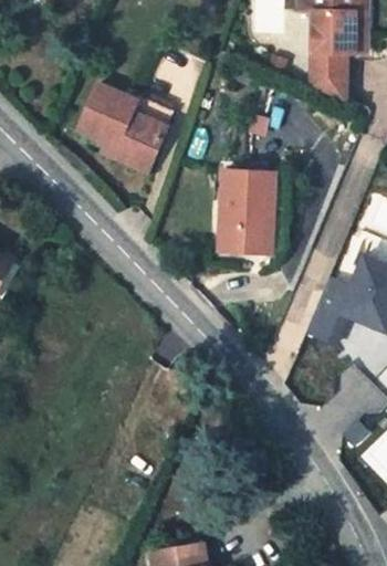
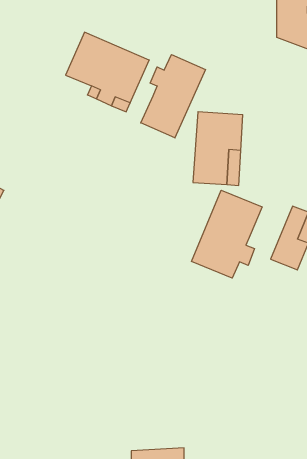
building: none -> [141,55,206,138]
building: none -> [192,190,262,278]

